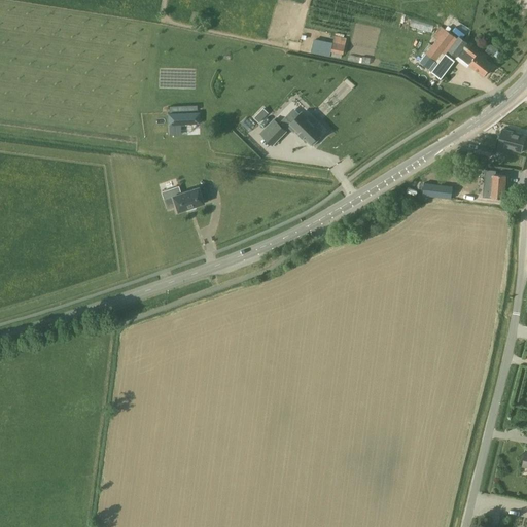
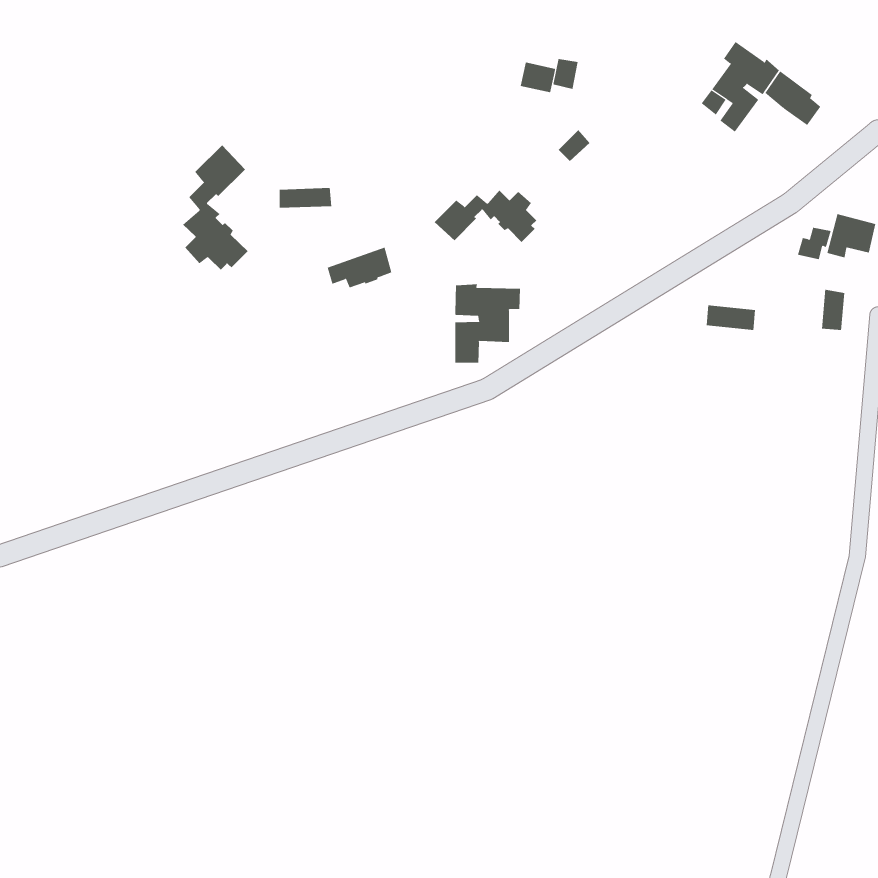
building: none -> [182,144,248,270]
building: none -> [455,283,521,364]
building: [163,186,202,211] -> [327,247,392,288]

